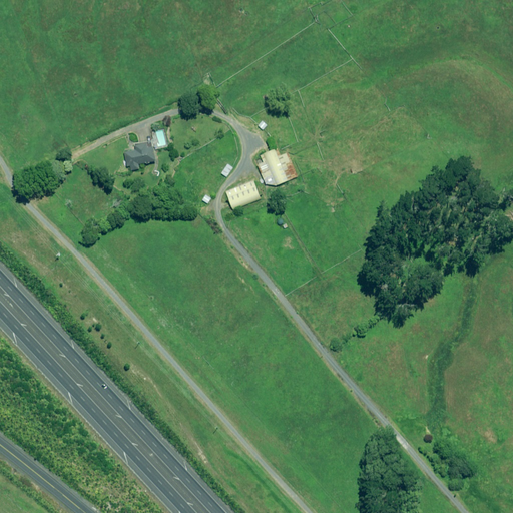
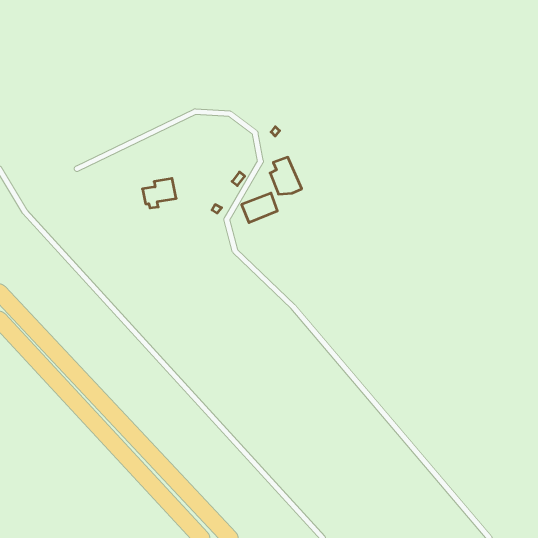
building: [123,141,155,169] -> [142,178,176,208]

